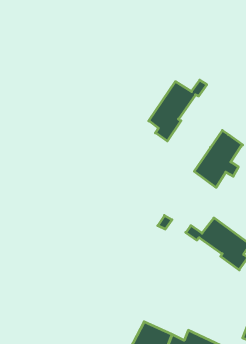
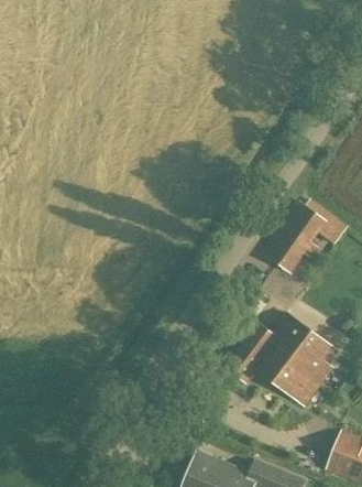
building: [149,80,207,141] -> none
building: none -> [229,334,325,405]

